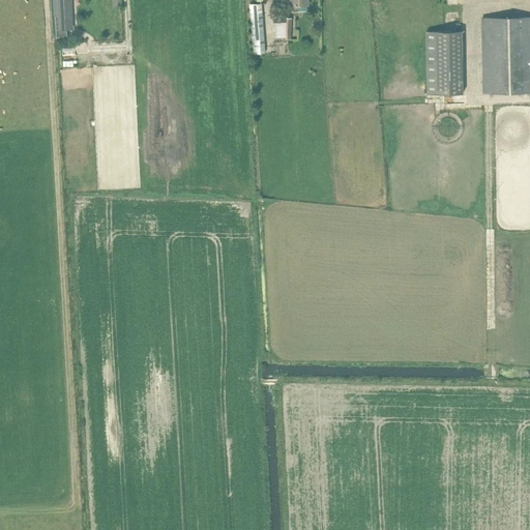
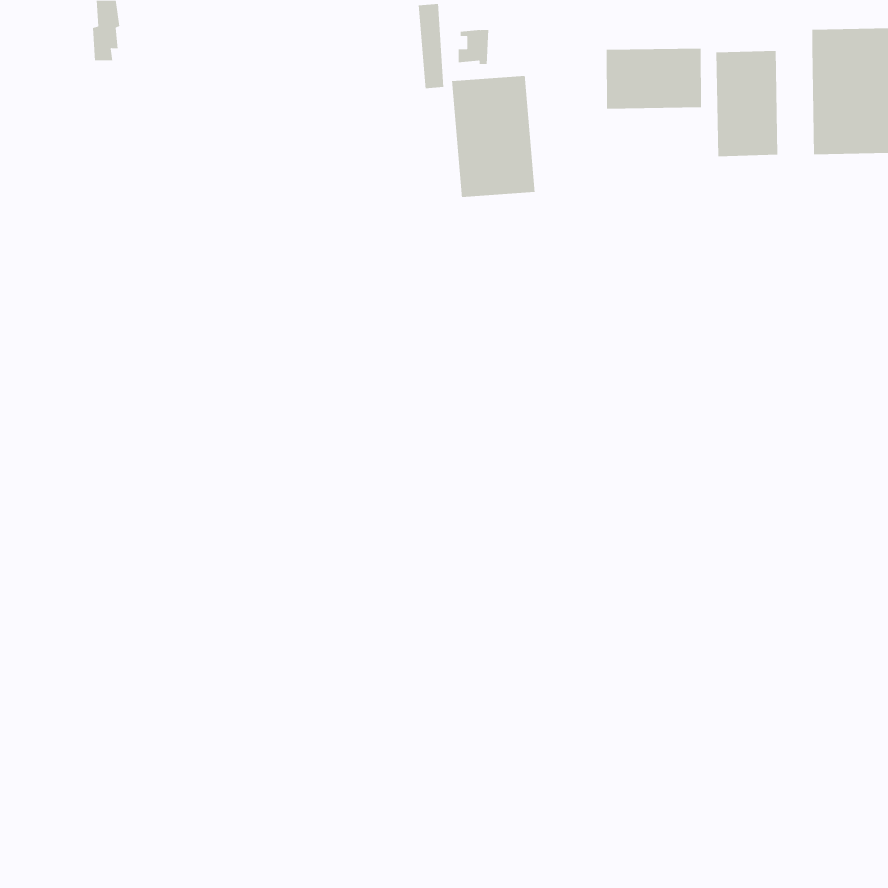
building: none -> [606,48,702,110]
building: none -> [452,75,535,198]

